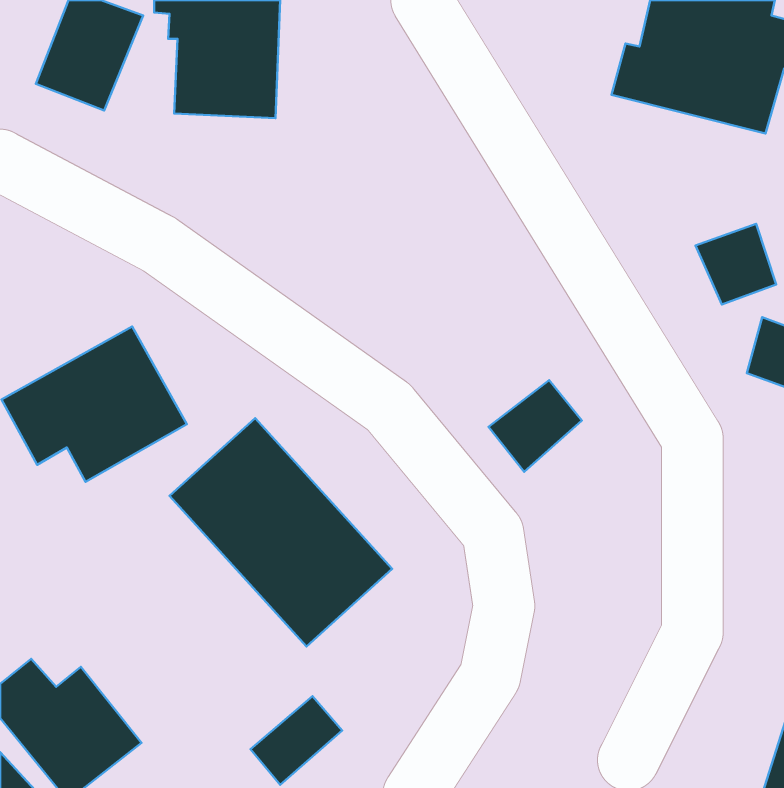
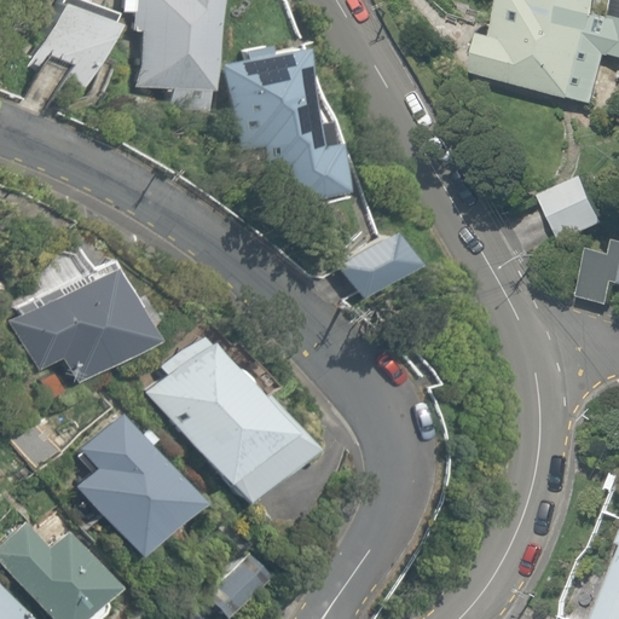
building: none -> [226,47,360,206]
building: [488,380,582,472] -> [340,227,412,299]
building: none -> [76,409,203,557]

